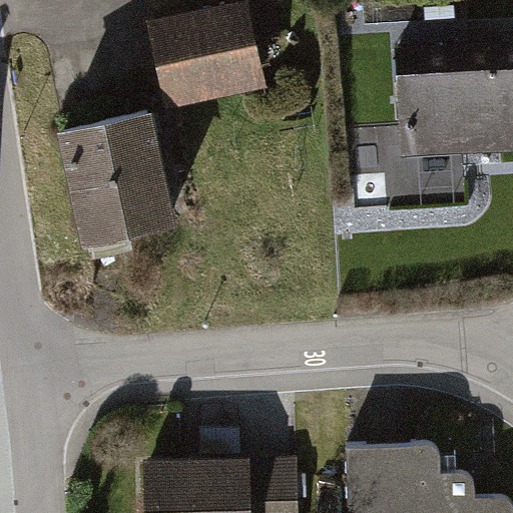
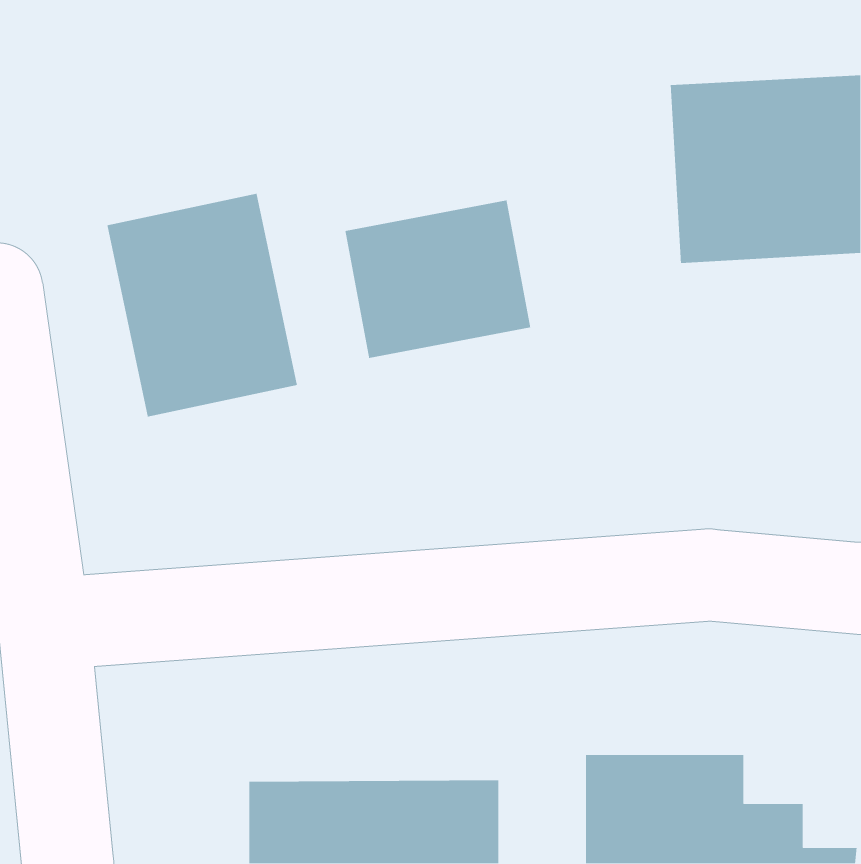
building: [152,5,258,104] -> none
building: none -> [344,199,531,359]

